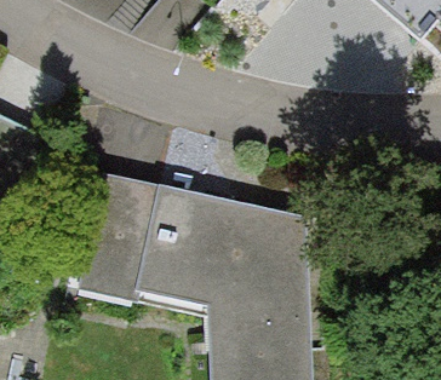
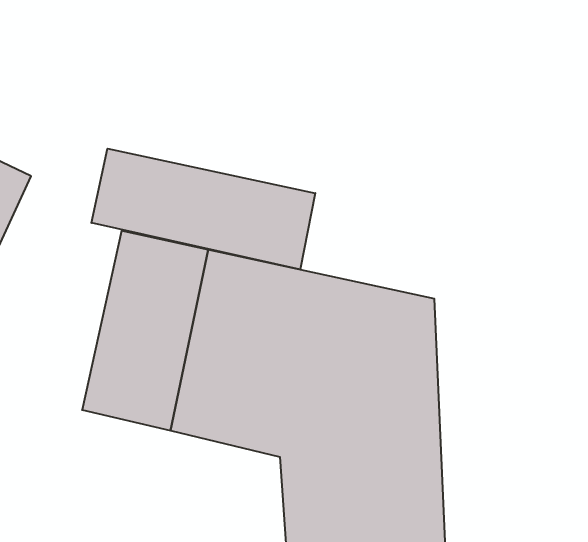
building: none -> [91,149,315,270]

